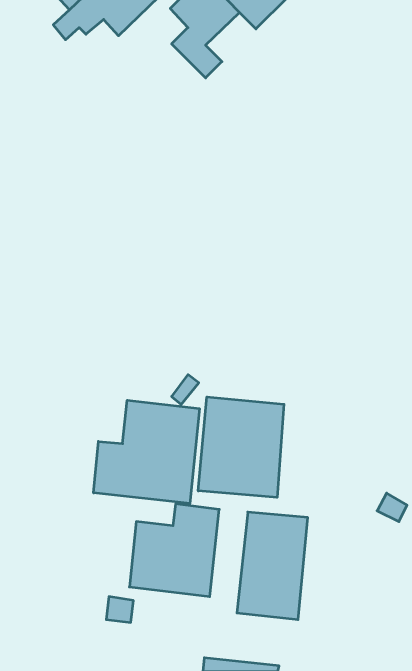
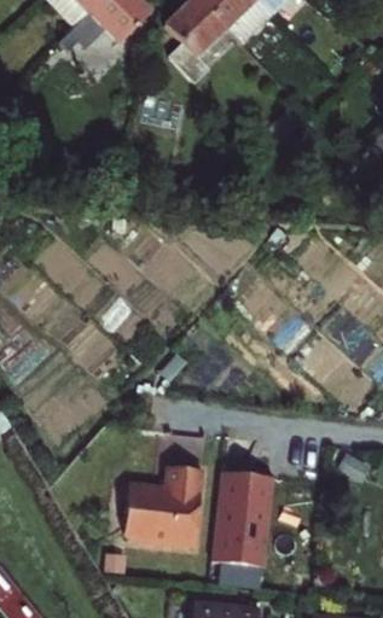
building: [198,397,284,497] -> none
building: [94,400,199,503] -> none

